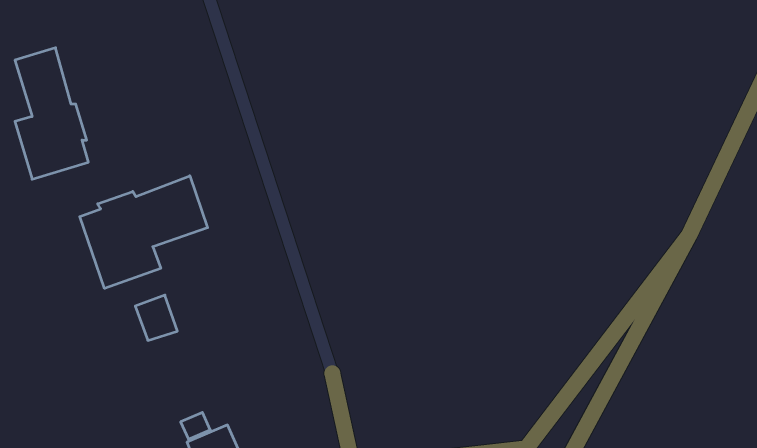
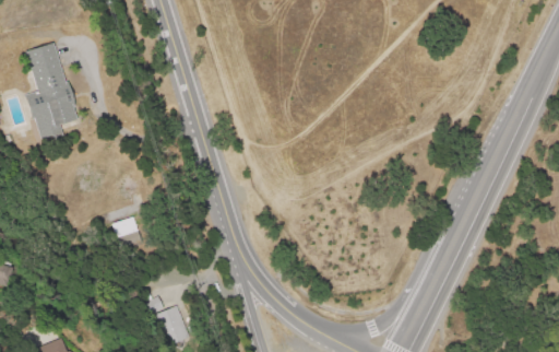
building: [80,176,208,288] -> none

